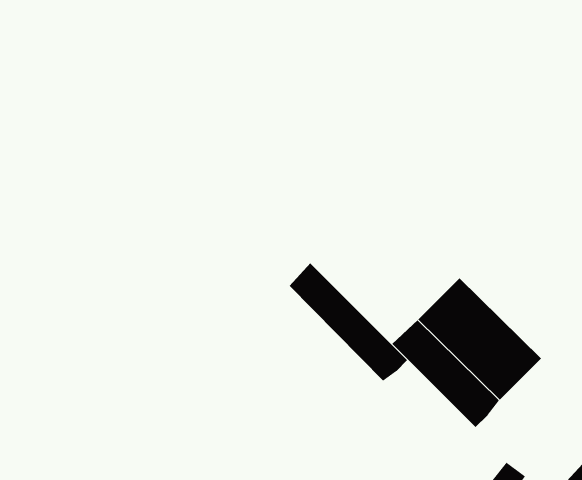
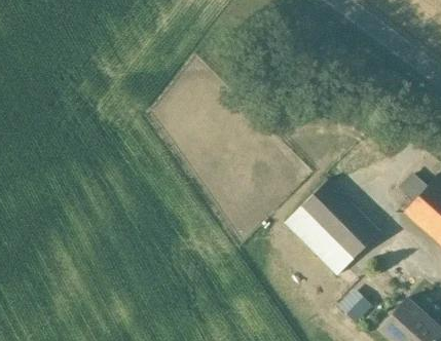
building: [289,263,408,381] -> none

